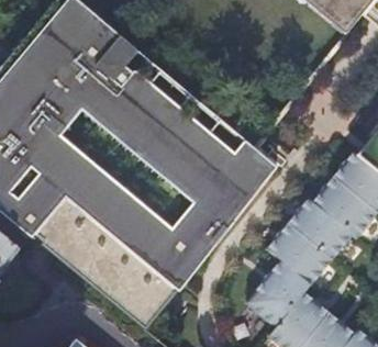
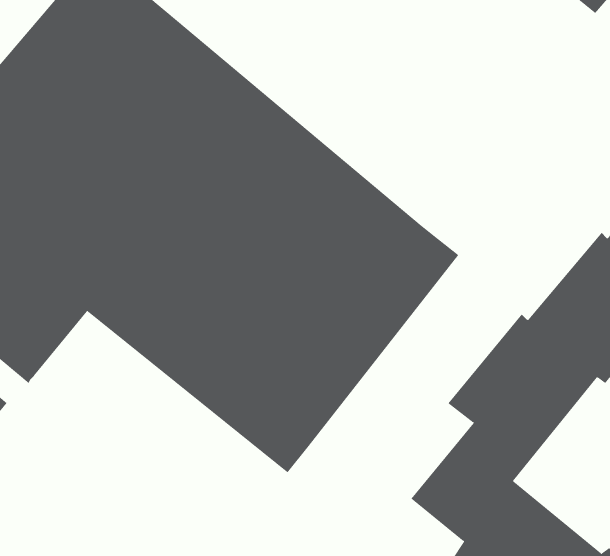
building: [35,197,178,324] -> none

